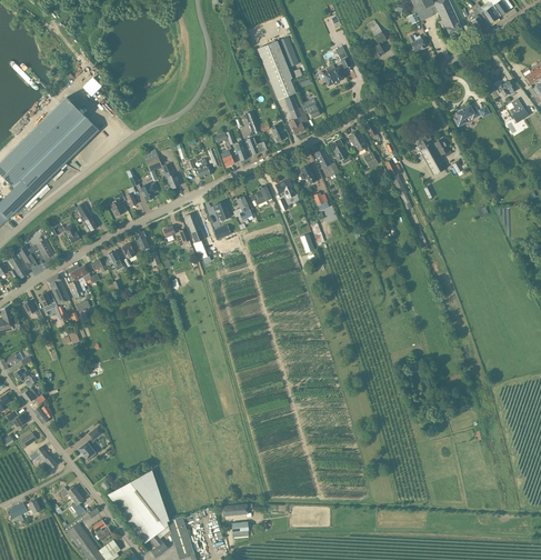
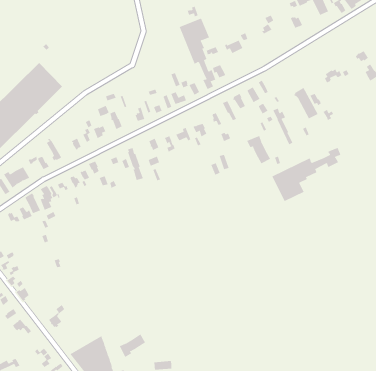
building: none -> [247,135,271,164]
building: none -> [271,147,341,202]
building: none -> [119,333,146,358]

